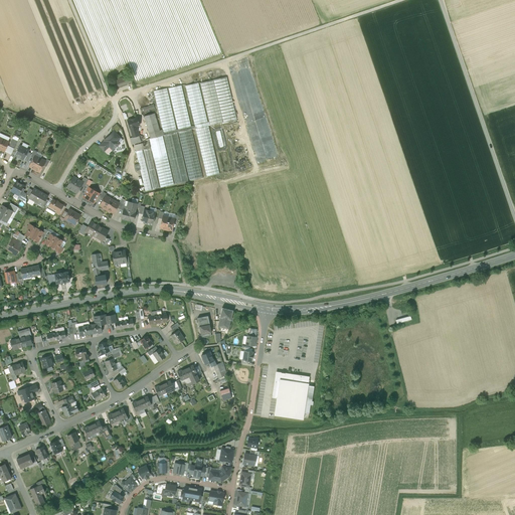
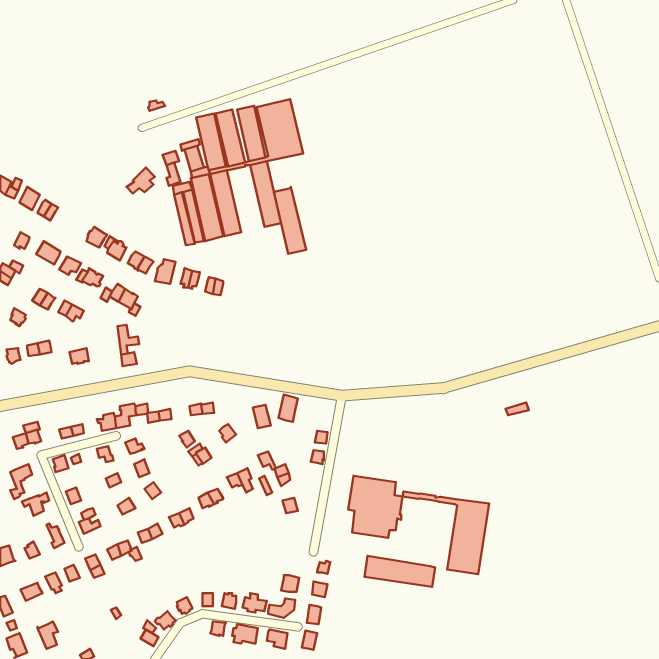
building: [178,129,203,181] -> [274,187,306,254]
building: none -> [402,491,489,574]
building: none -> [365,556,435,587]

